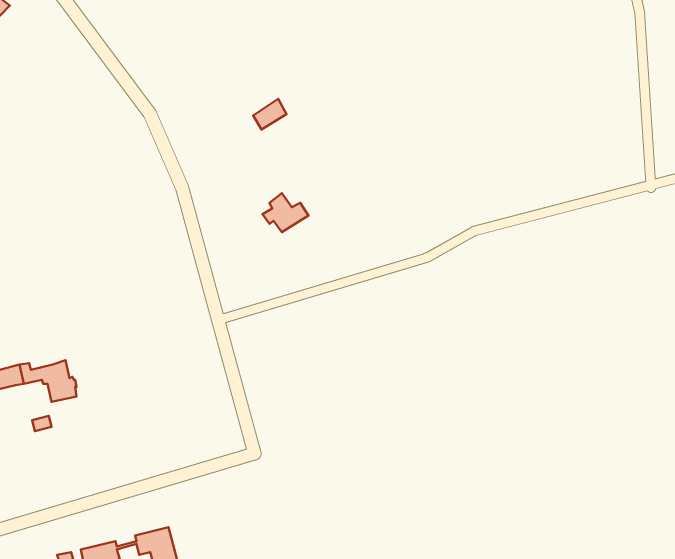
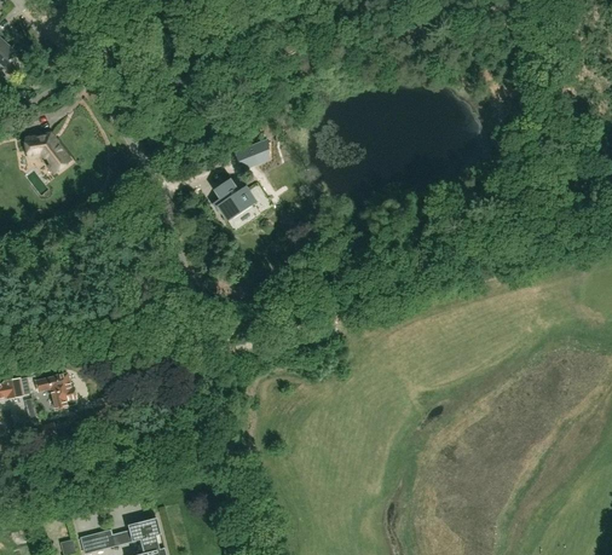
building: none -> [25,134,68,172]
building: [262,193,308,232] -> [212,183,252,216]

